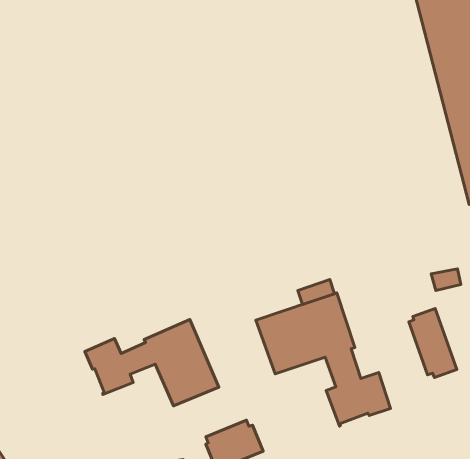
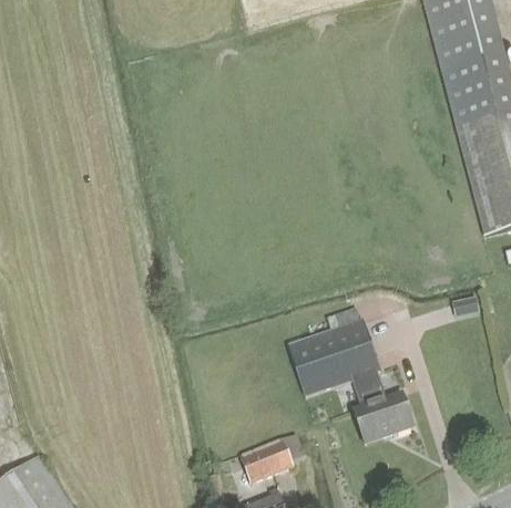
building: [409,309,457,378] -> none
building: [85,319,219,406] -> none

